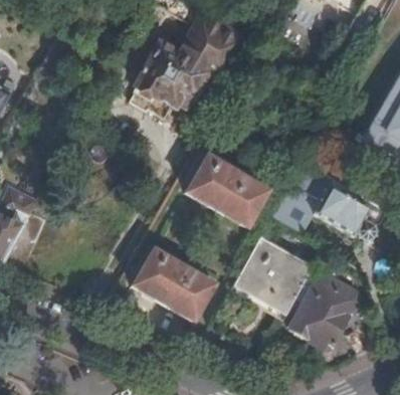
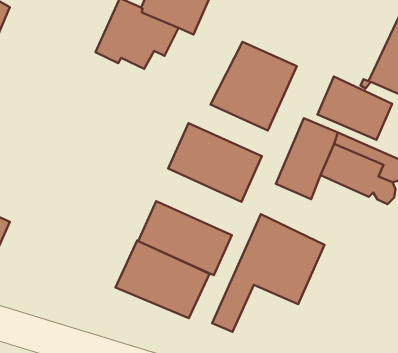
building: none -> [210,42,297,131]
building: none -> [317,76,392,140]
building: none -> [138,201,232,275]
building: [288,273,352,346] -> none

